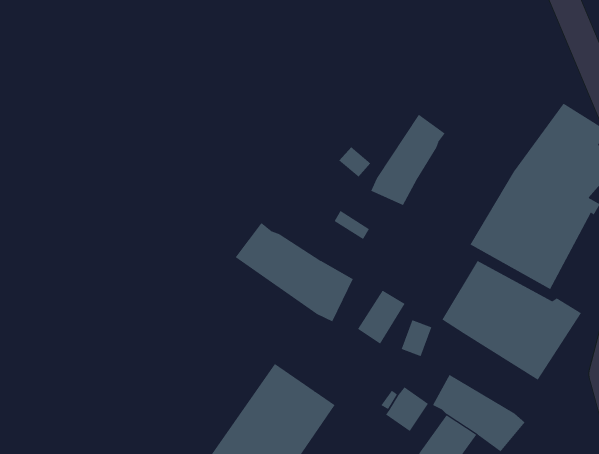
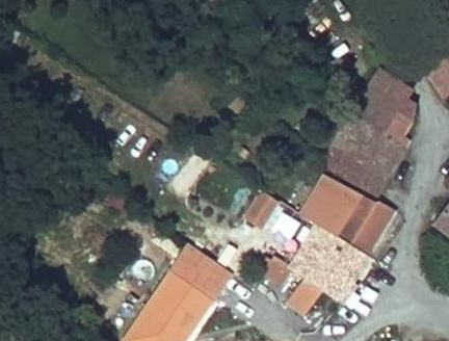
building: [370,114,445,206] -> none
building: [235,222,353,322] -> none
building: none -> [303,225,367,278]

